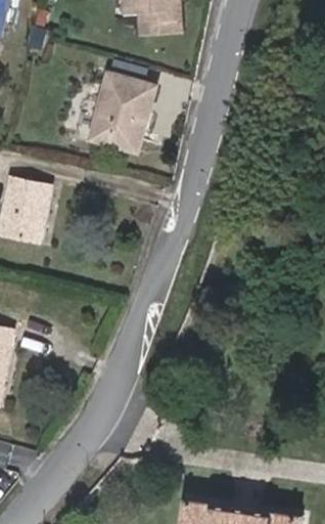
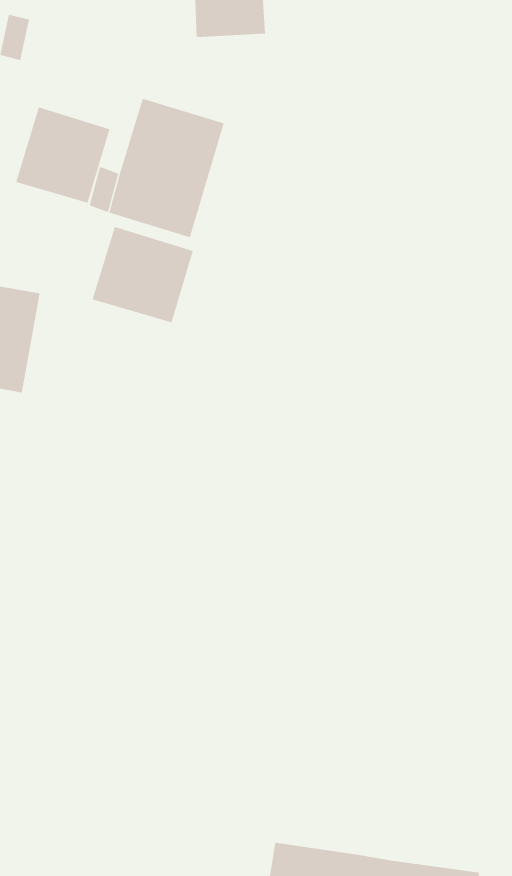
building: none -> [15,107,110,204]
building: none -> [92,226,193,323]

